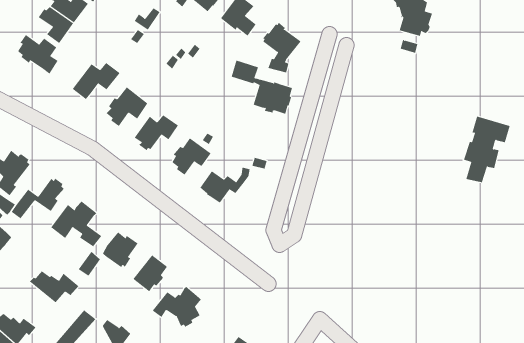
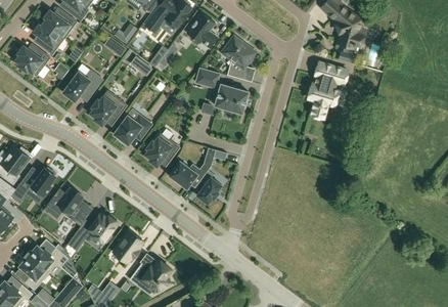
building: [463,116,511,183] -> [307,61,347,118]
building: none -> [196,170,221,204]
building: none -> [18,254,48,289]

